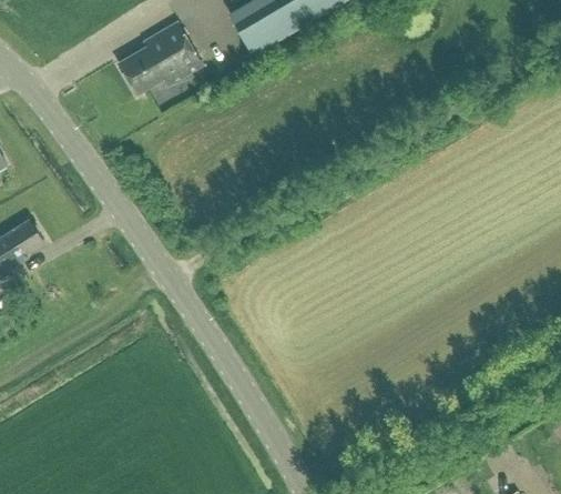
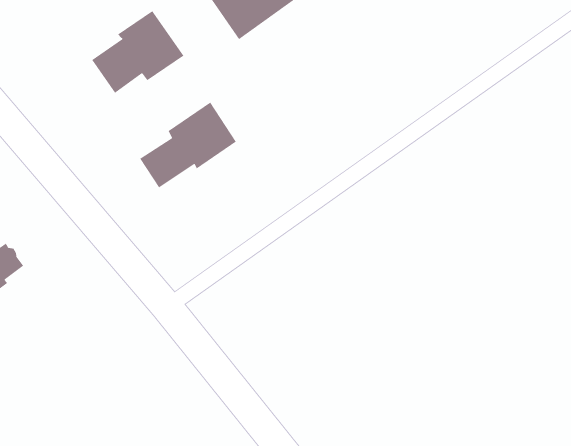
building: none -> [139,101,237,189]

